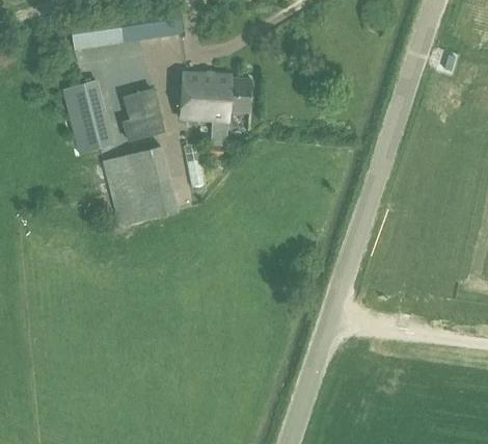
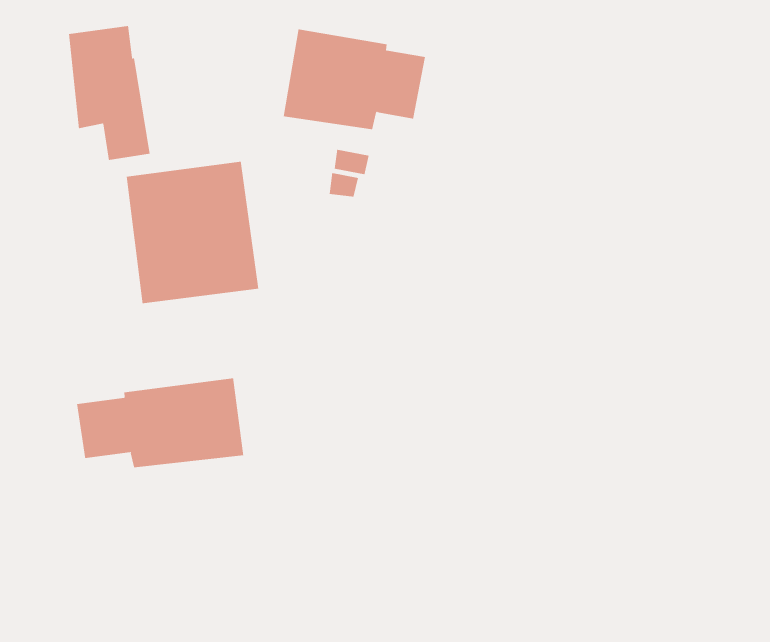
building: [124,90,165,142] -> none
building: none -> [76,378,244,468]

